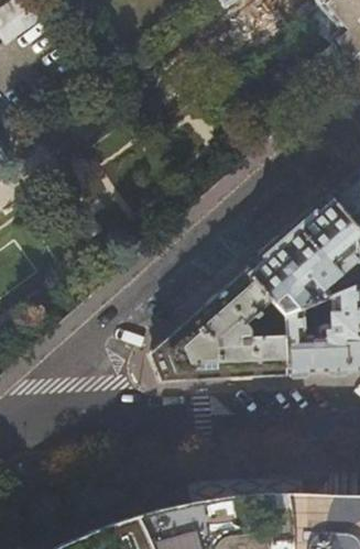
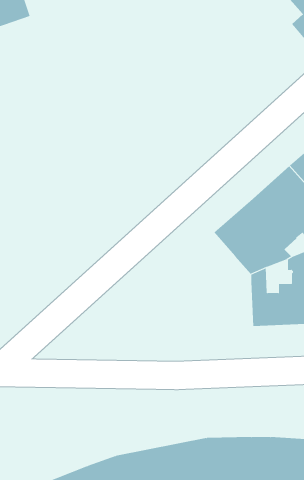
building: [152,271,290,380] -> none

